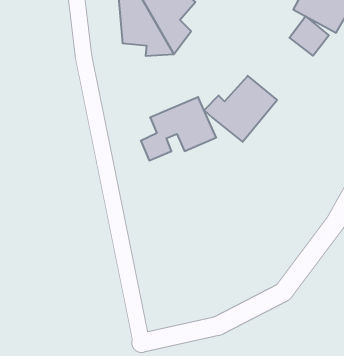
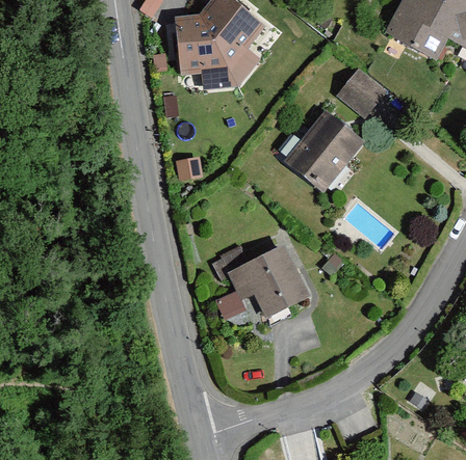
building: [289,16,329,56] -> [342,73,390,120]
building: [141,97,216,161] -> [213,248,305,325]

